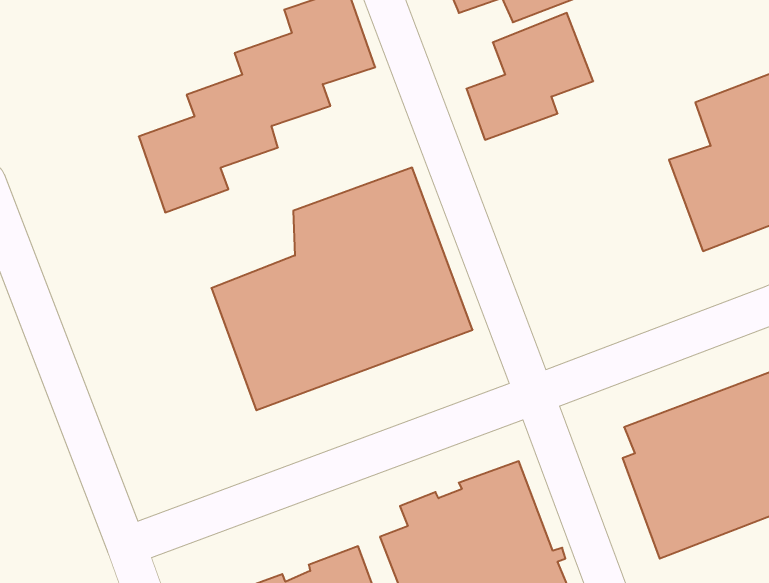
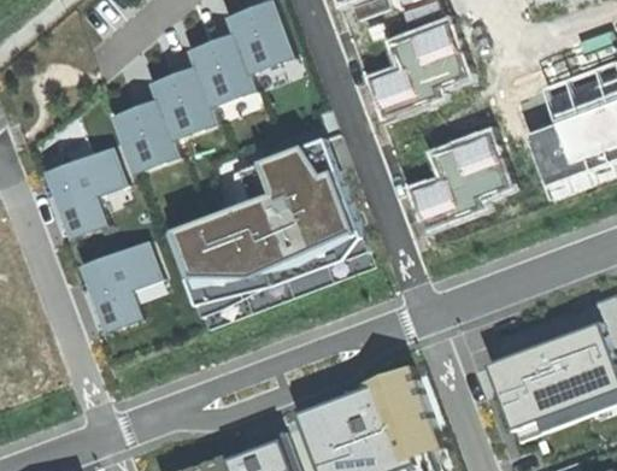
building: none -> [407,131,507,225]
building: none -> [43,145,128,241]
building: none -> [78,241,160,332]

